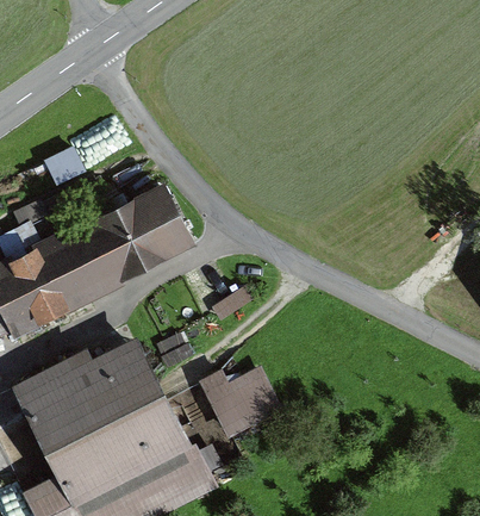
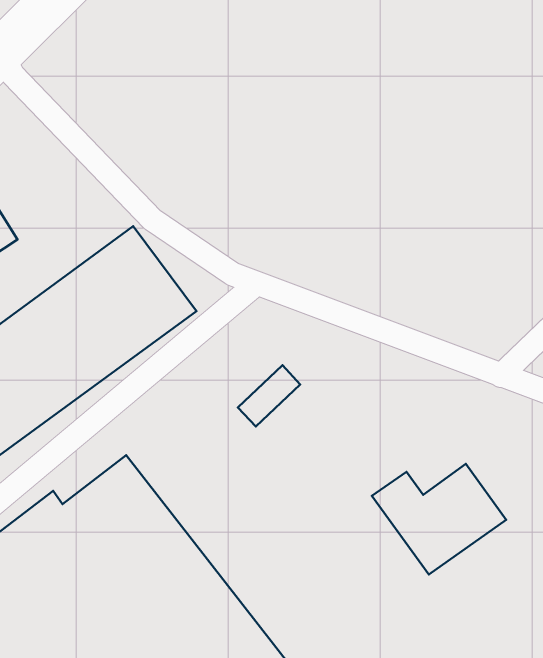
building: [197,369,281,439] -> [372,464,506,575]

